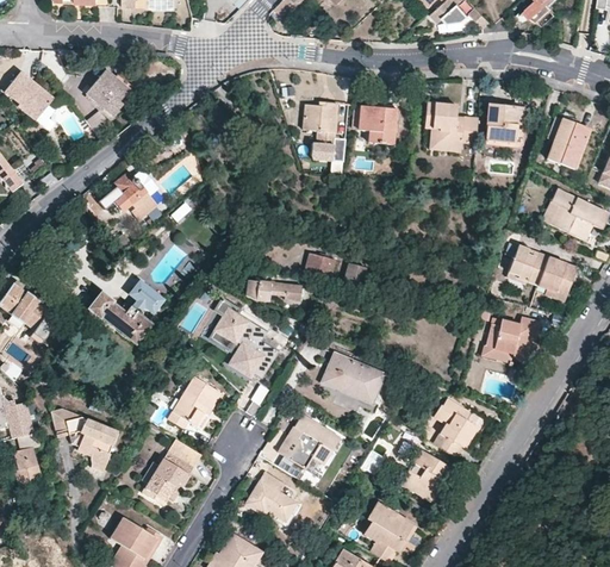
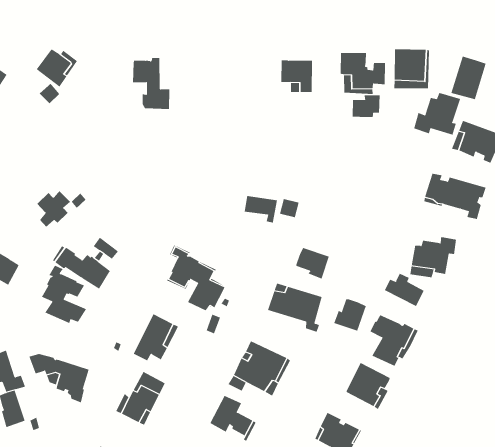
building: [303,102,344,162] -> [132,58,170,109]
building: none -> [352,94,380,118]
building: none -> [413,92,461,135]
building: [114,170,152,211] -> [37,190,71,228]
building: [247,280,301,300] -> none
building: none -> [41,265,87,324]
building: none -> [296,247,330,279]
building: none -> [384,273,424,307]
building: none -> [333,298,366,332]

